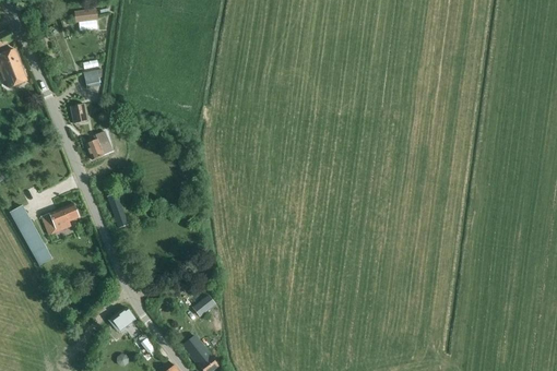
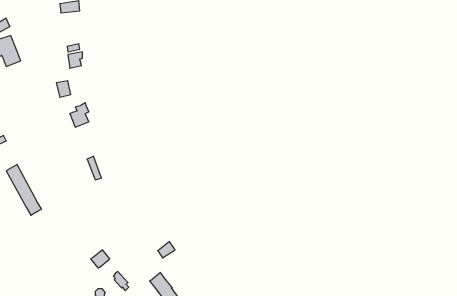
building: [40,203,79,235] -> none

